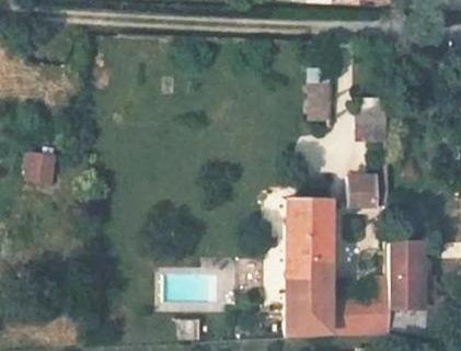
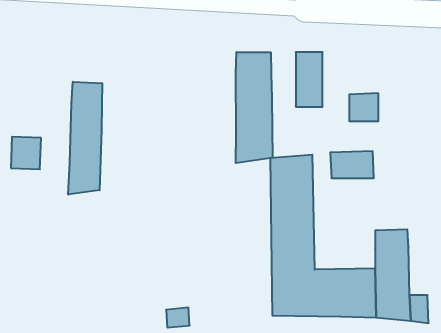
building: none -> [236,52,272,163]
building: none -> [68,82,102,195]

